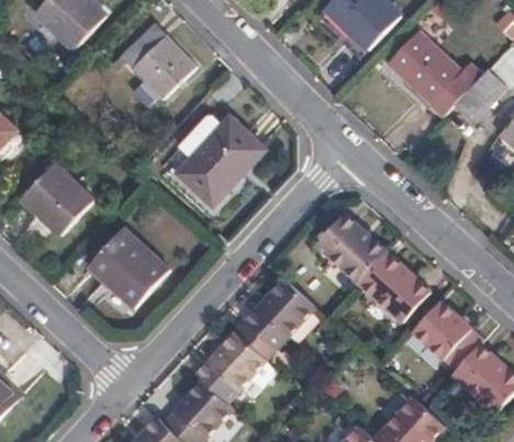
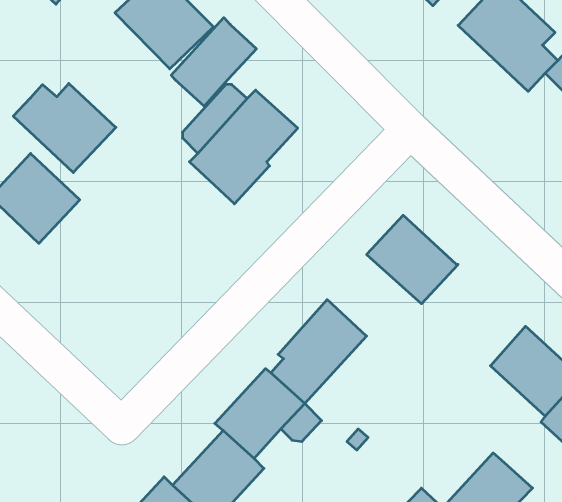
building: none -> [171,18,256,106]
building: none -> [13,83,116,173]
building: [89,227,170,307] -> none
building: [358,251,428,320] -> none

